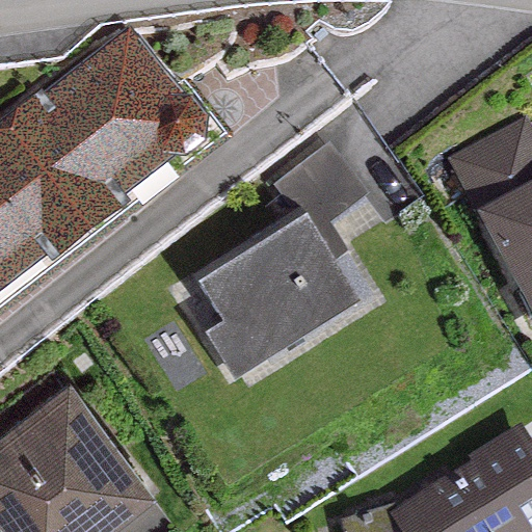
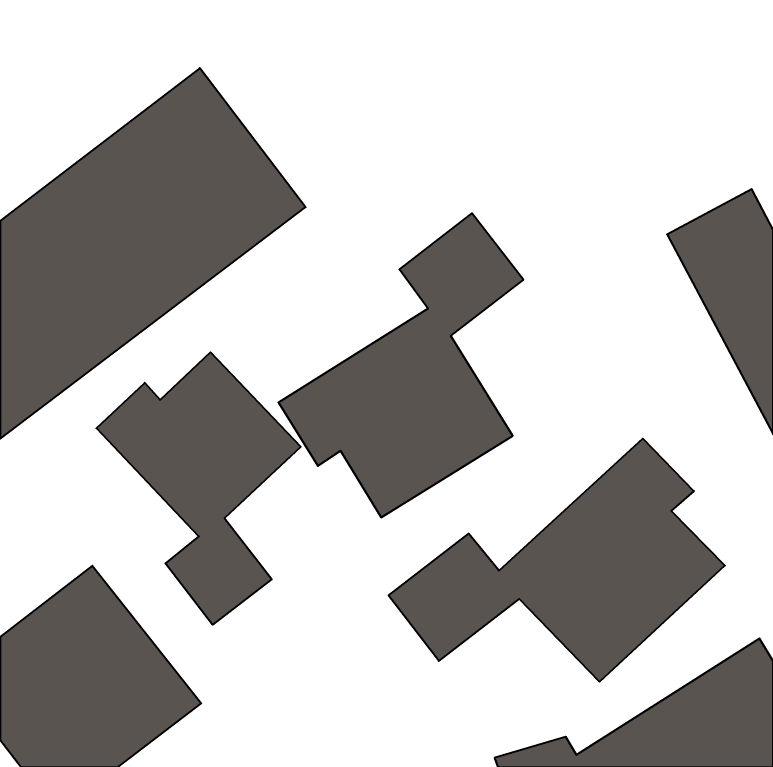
building: none -> [96,352,301,625]
building: none -> [389,439,725,682]

